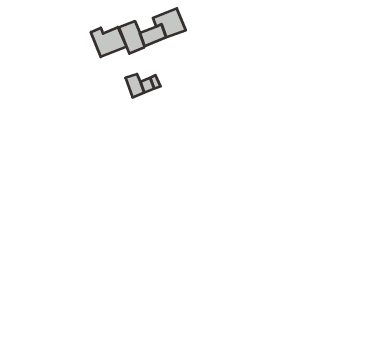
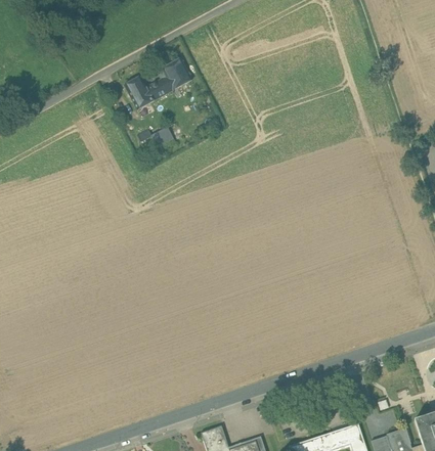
building: [91,27,126,57] -> none

